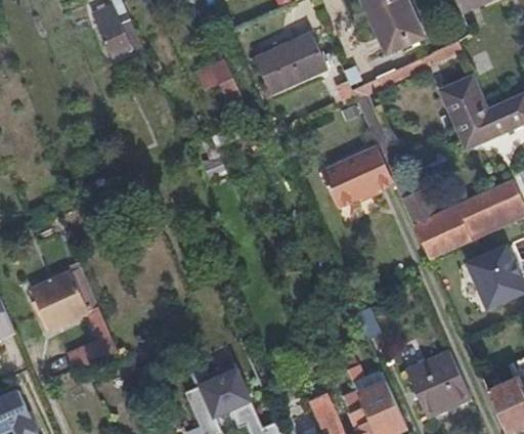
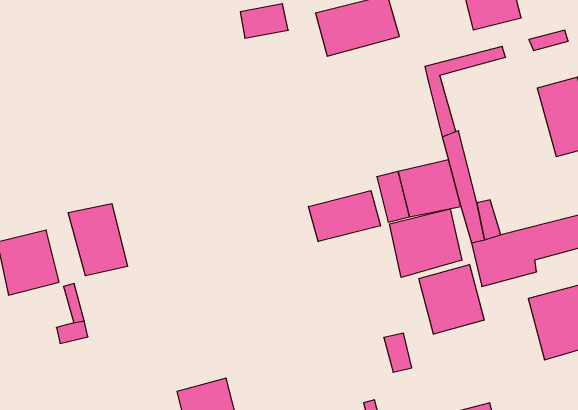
building: none -> [308,191,381,242]
building: none -> [390,209,462,277]
building: none -> [419,264,484,334]
building: none -> [68,204,127,276]

